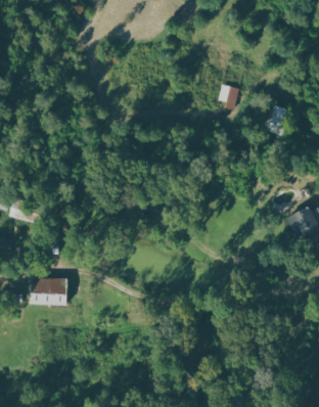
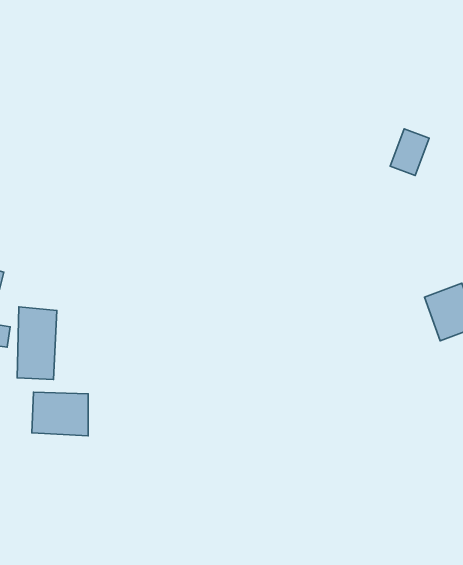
building: [220,85,240,109] -> none
building: none -> [17,307,57,379]

